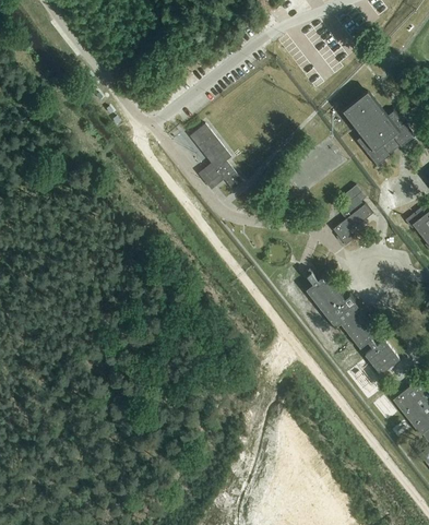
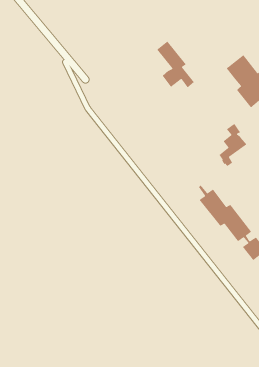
building: [190,126,242,191] -> [156,41,195,89]

